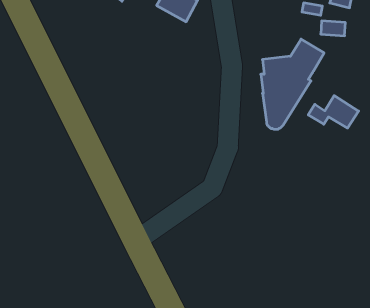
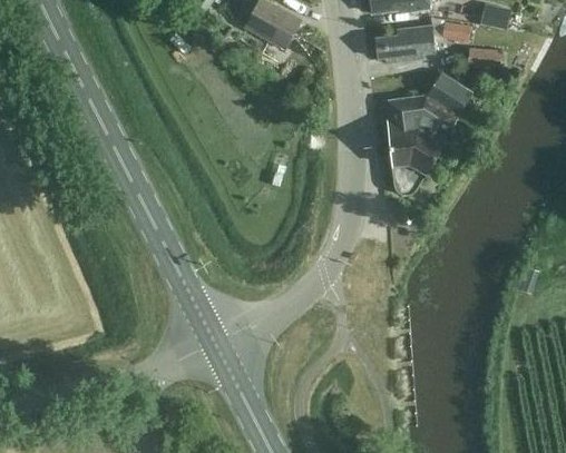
building: none -> [375,24,437,61]
building: [308,96,359,128] -> none

